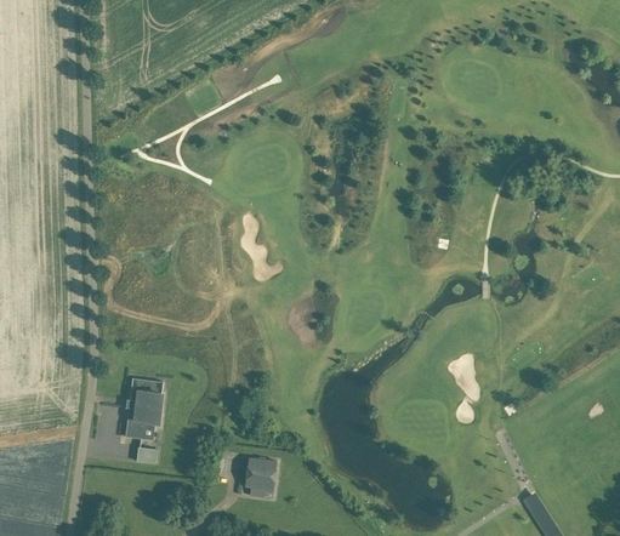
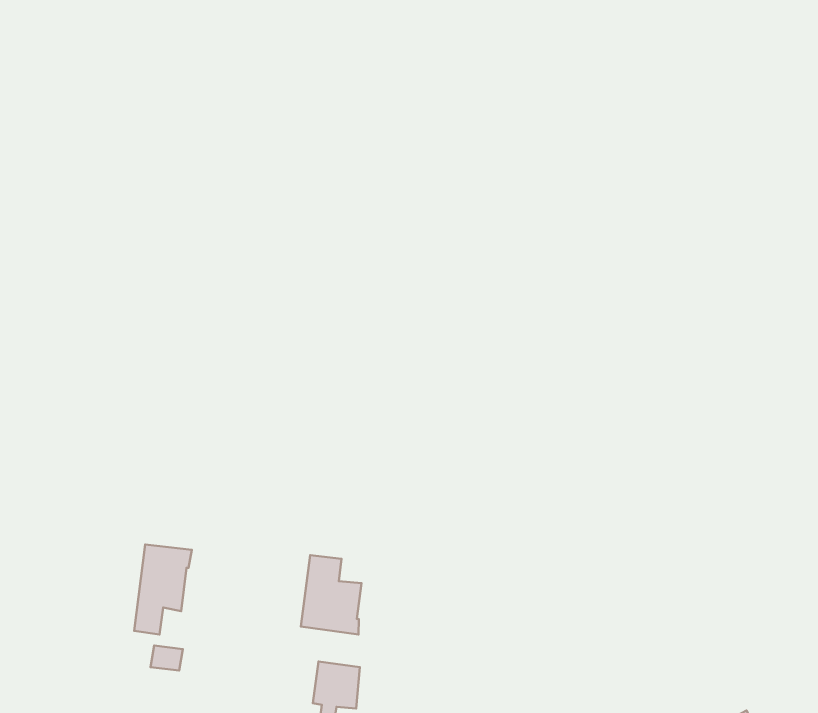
building: none -> [301,555,361,635]

